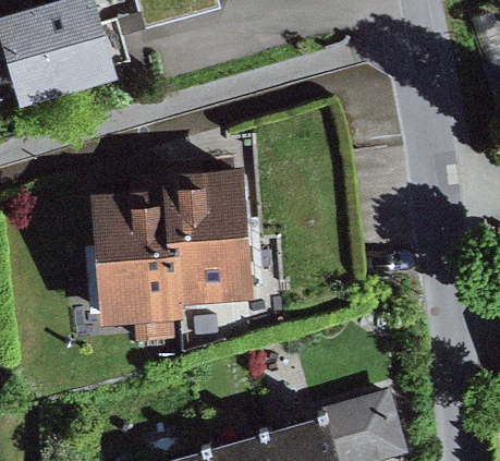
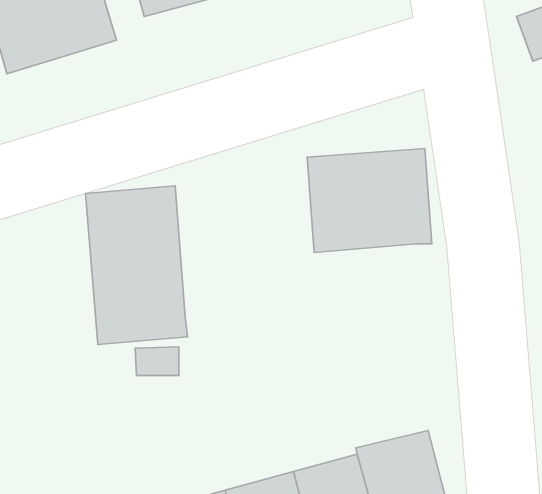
building: none -> [307,148,432,252]
building: [168,159,254,296] -> none

